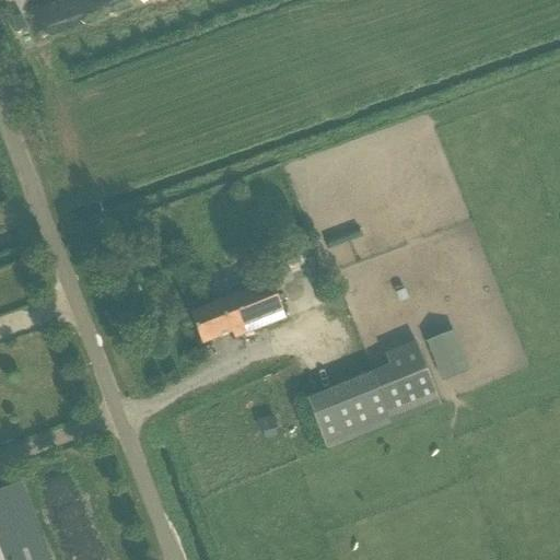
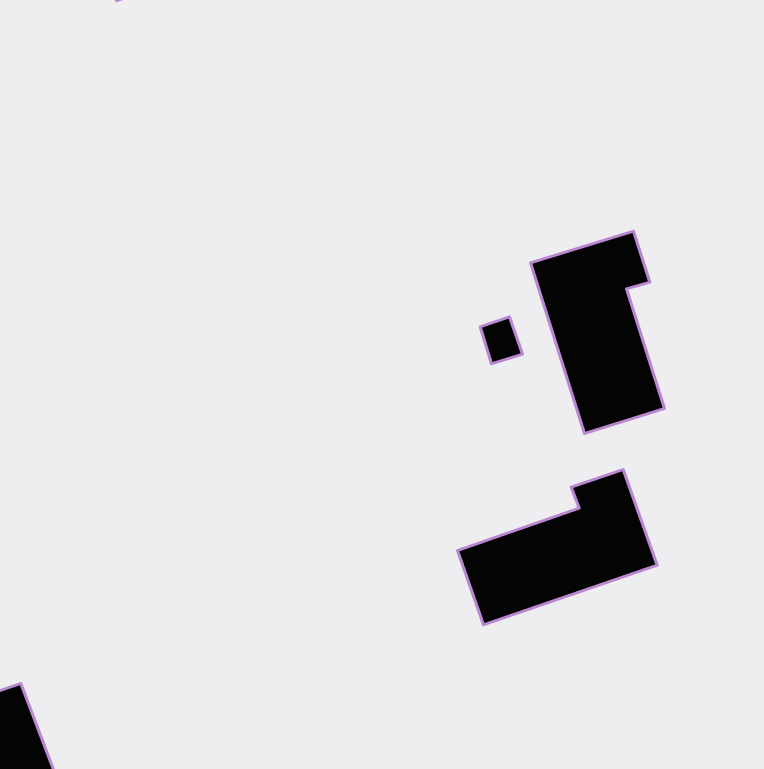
building: none -> [531,231,664,433]
building: [185,281,281,343] -> none

